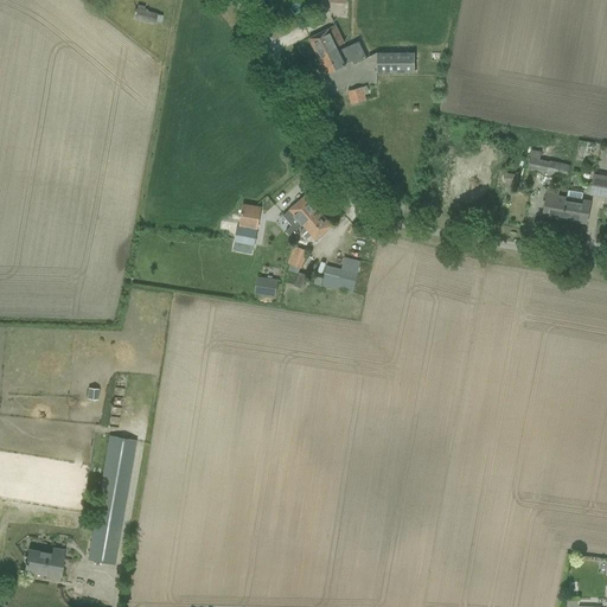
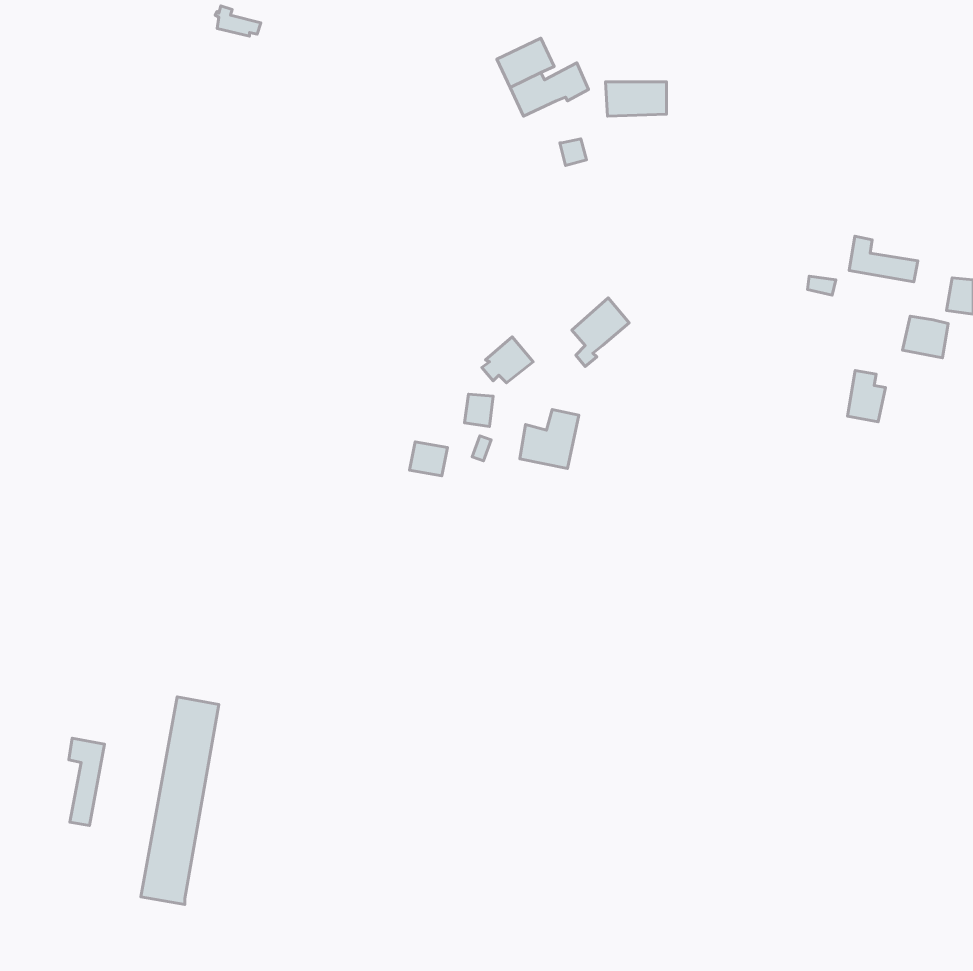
building: [543,186,567,218] -> [848,370,886,422]
building: [283,194,319,237] -> [572,298,629,366]
building: [232,203,261,253] -> none
building: none -> [69,738,104,826]
building: [25,548,63,579] -> none

